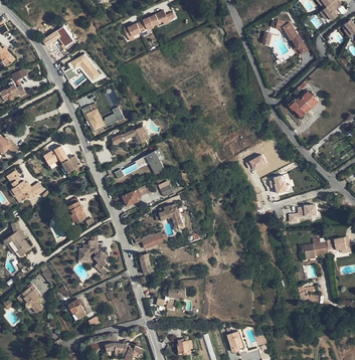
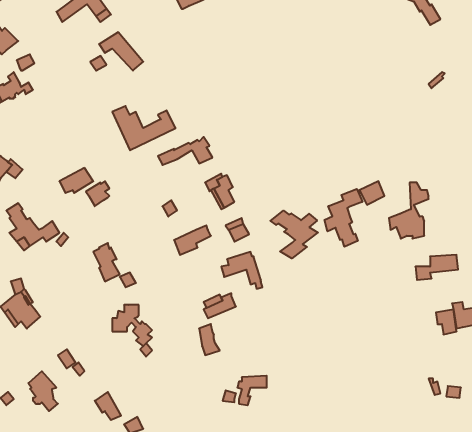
building: [288,91,318,116] -> none
building: none -> [324,189,362,247]
building: none -> [270,211,318,258]

